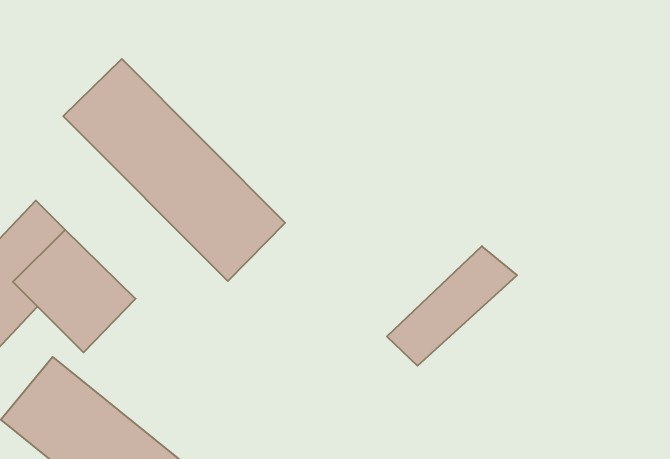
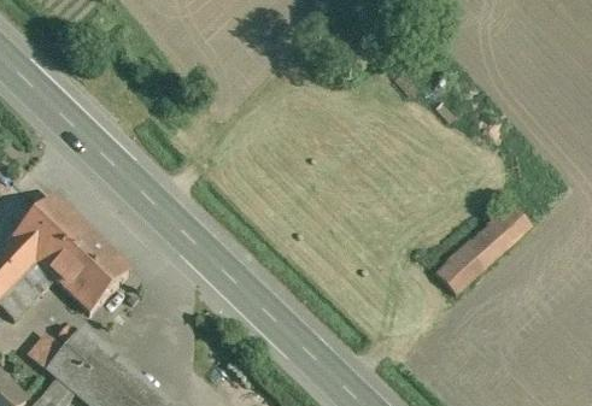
building: [63,59,285,281] -> none
building: [387,246,517,366] -> [430,201,533,295]

